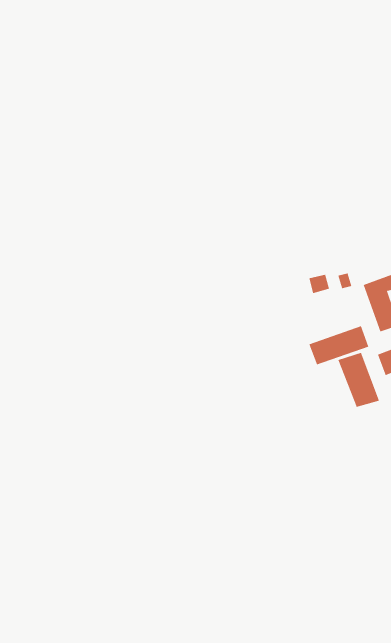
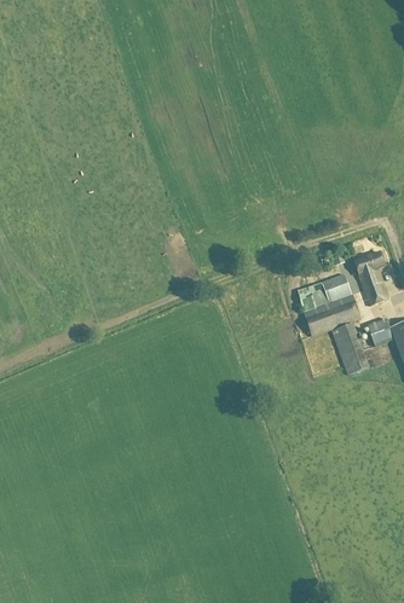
building: none -> [298,273,352,311]

